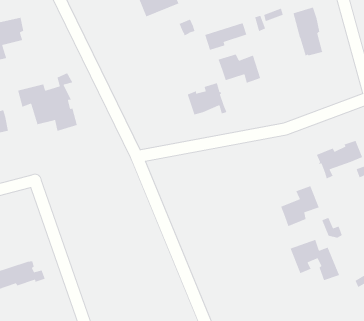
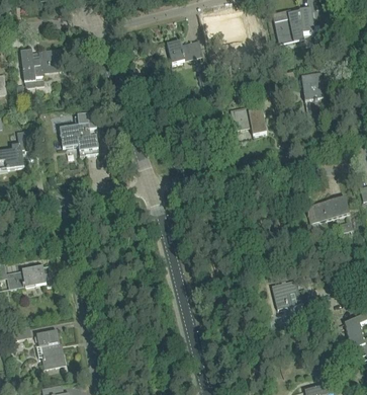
building: [204,22,247,51] -> none
building: [187,82,227,116] -> none
building: [280,185,320,227] -> none

